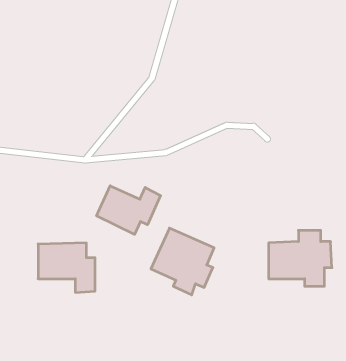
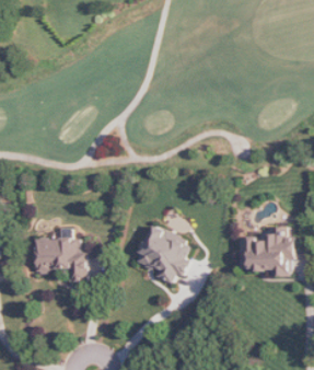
building: [97,186,161,234] -> none

